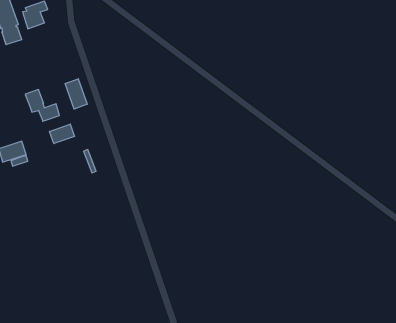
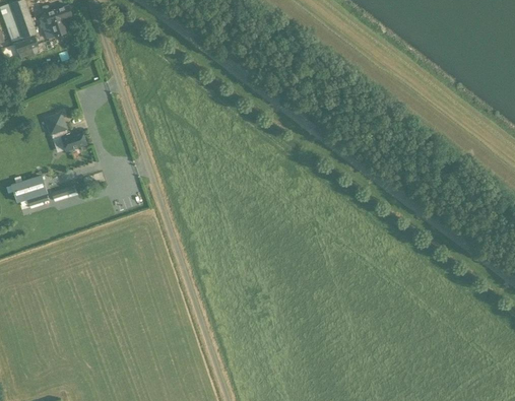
building: [65,79,87,109] -> none
building: [50,124,75,144] -> none

